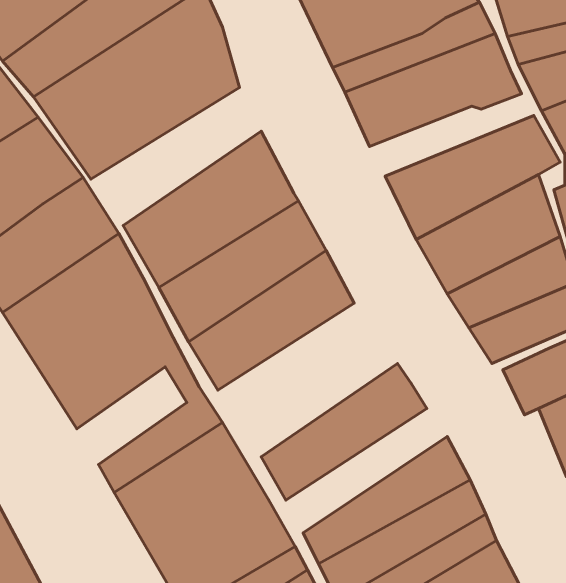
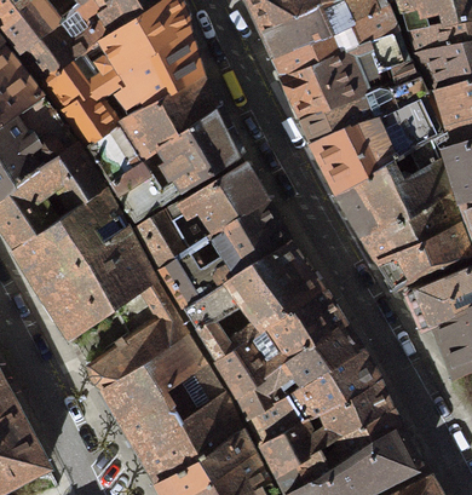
building: none -> [82,74,215,182]
building: none -> [300,79,428,143]
building: none -> [182,242,322,362]
building: none -> [235,324,361,421]

